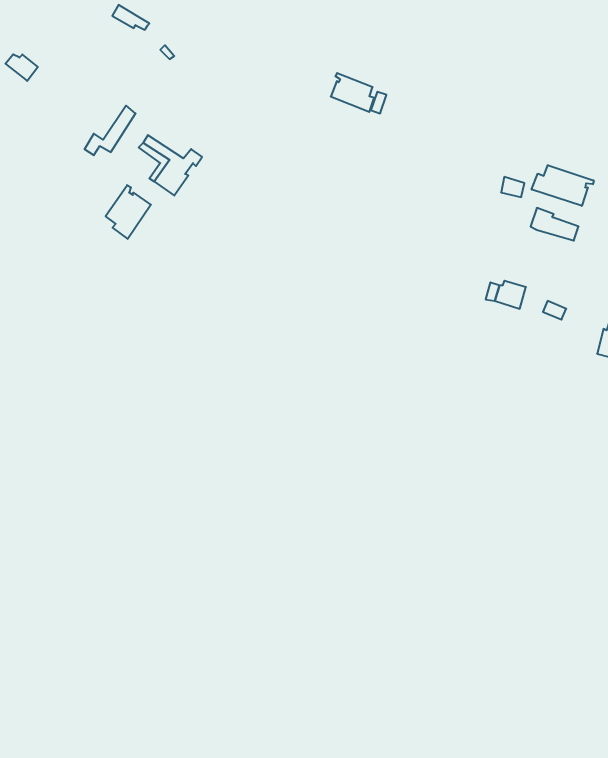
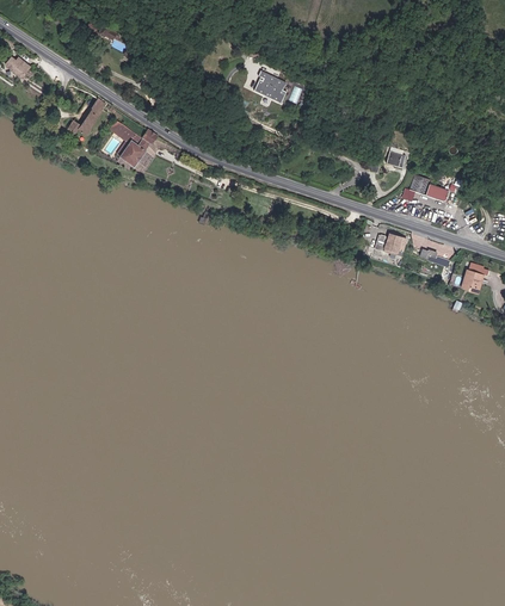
building: [532,165,594,206] -> none
building: [106,185,151,239] -> none

